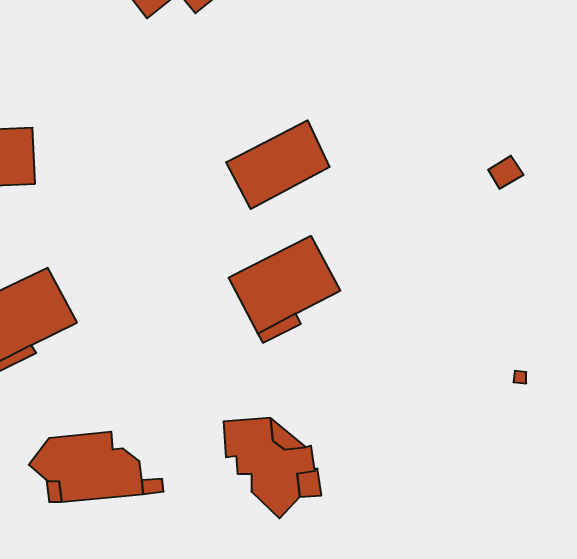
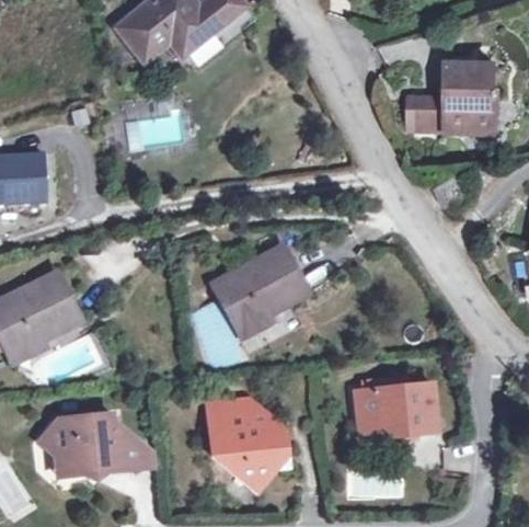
building: none -> [416,61,497,130]
building: [226,120,330,209] -> none
building: none -> [356,383,437,436]

